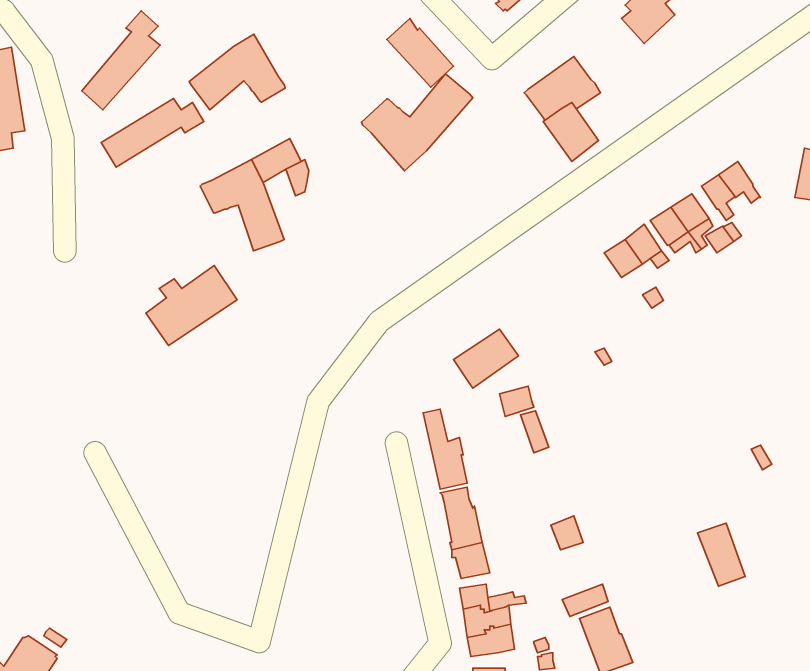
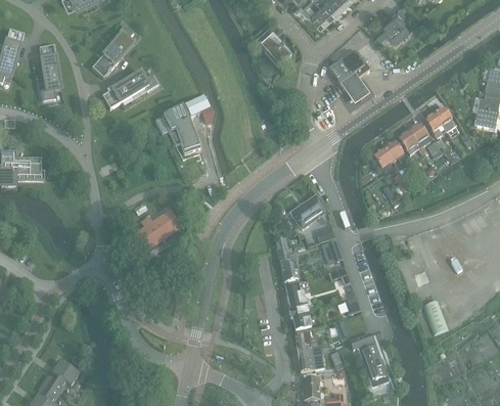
building: [189,34,285,110] -> none
building: [361,74,473,171] -> none
building: [146,266,237,346] -> [133,211,182,254]

